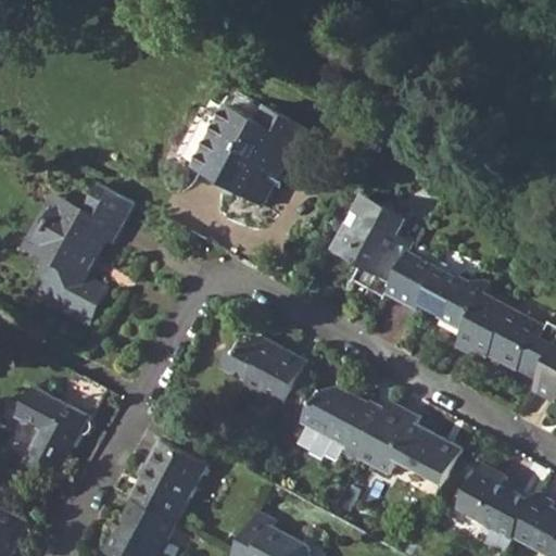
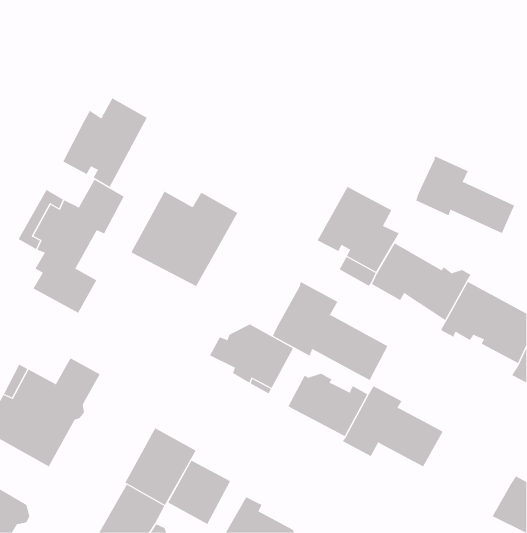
building: none -> [62,98,148,188]
building: [192,105,304,205] -> [131,191,238,287]
building: none -> [415,156,515,234]
building: none -> [272,281,388,381]
building: [457,466,530,535] -> none
building: none -> [167,460,231,525]

